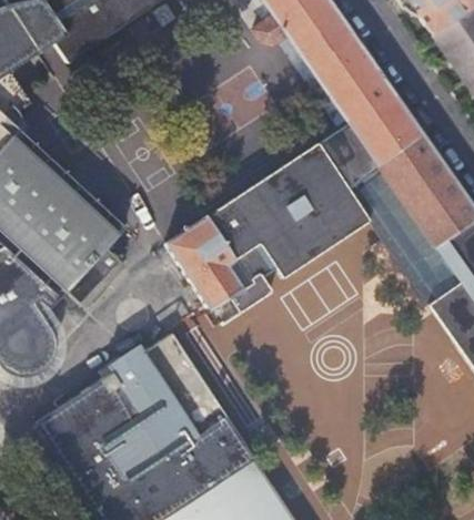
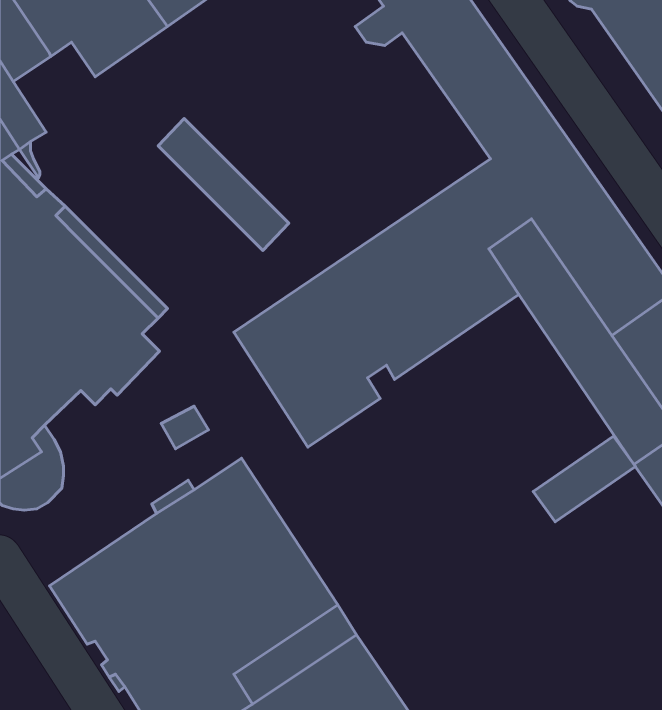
building: none -> [158,118,289,251]
building: none -> [533,436,635,522]

